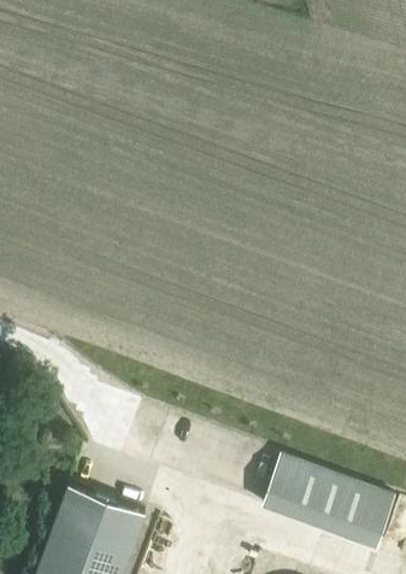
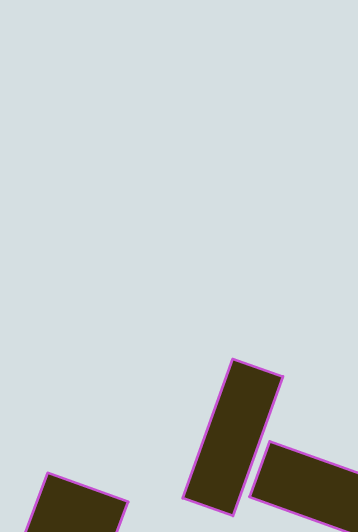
building: none -> [183,359,283,516]

